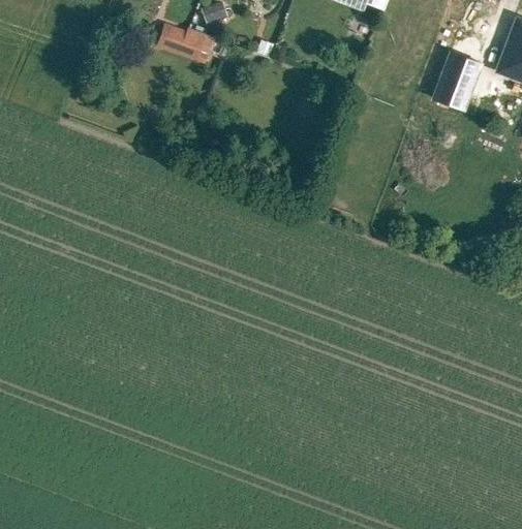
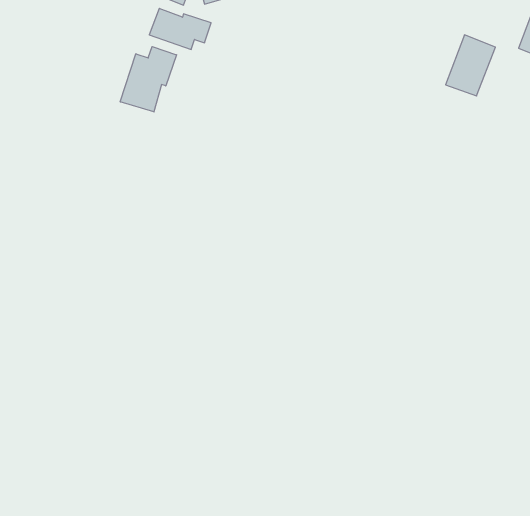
building: none -> [120,47,177,112]

